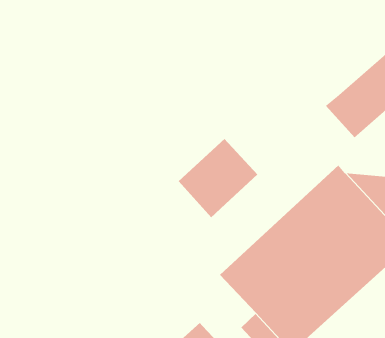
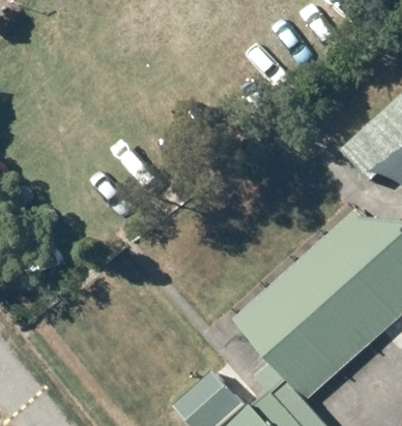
building: [178,138,258,218] -> none

